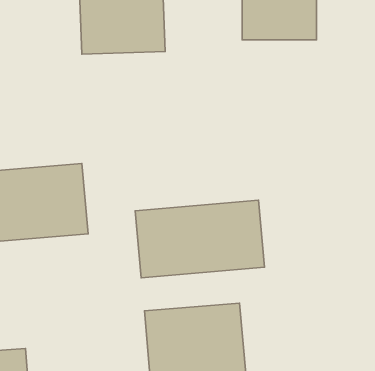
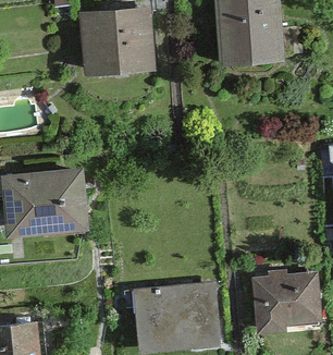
building: [135,200,264,278] -> none
building: none -> [258,274,320,334]

